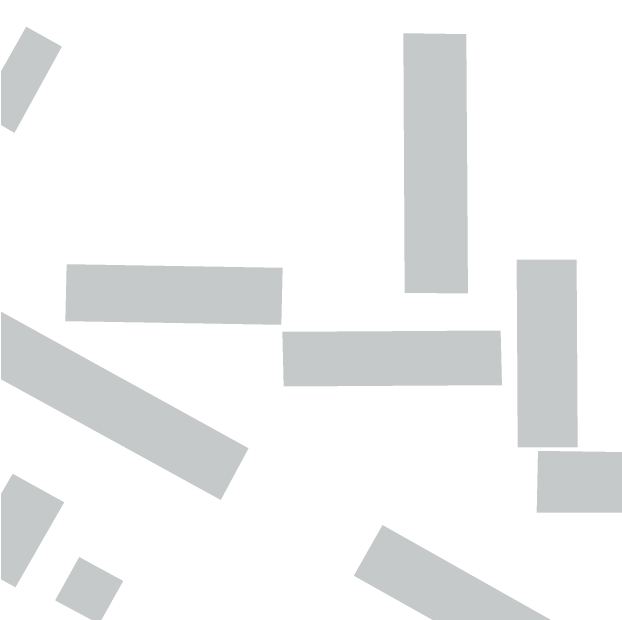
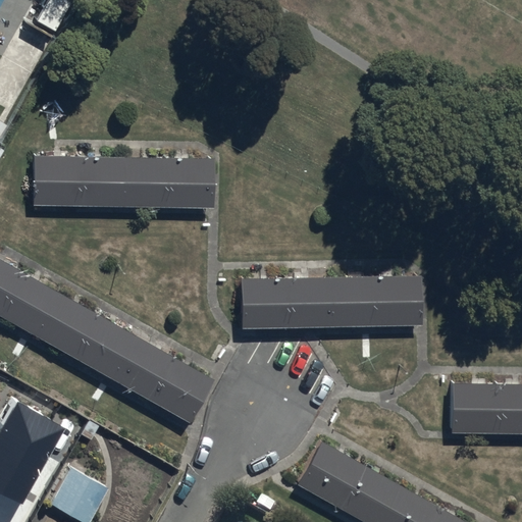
building: [403,33,468,294] -> none
building: [516,259,578,448] -> none
building: [65,264,283,325] -> [32,156,213,207]

